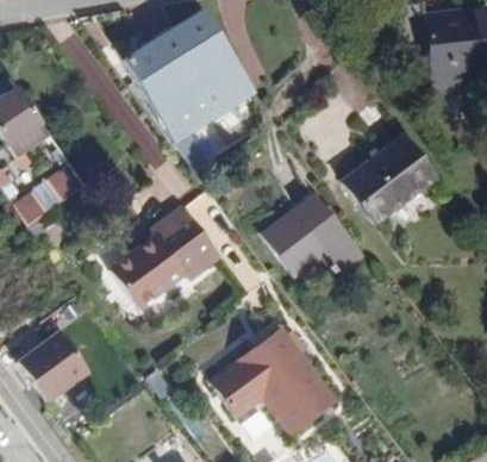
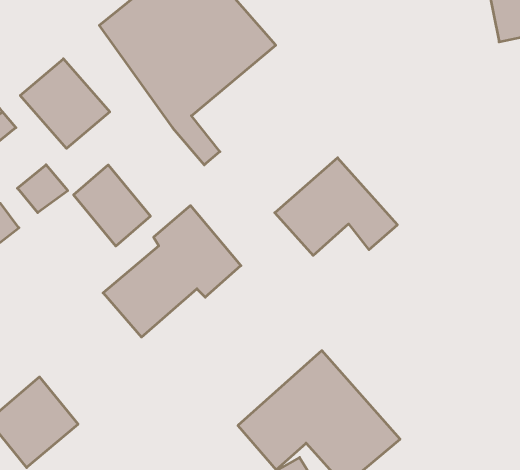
building: none -> [20,59,110,148]
building: [346,133,436,217] -> none
building: none -> [74,165,150,246]

